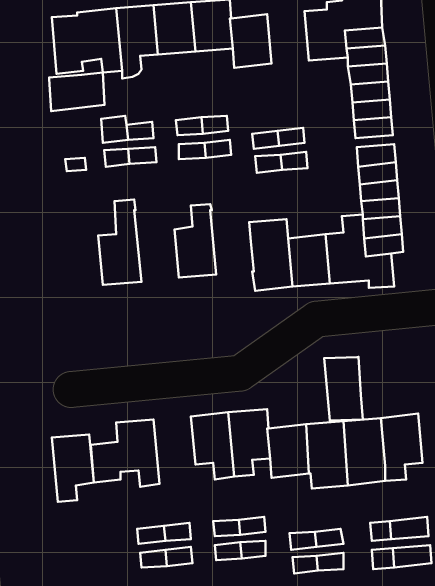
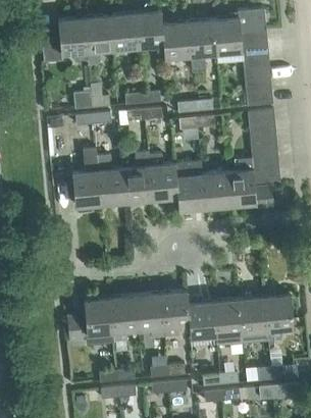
building: none -> [187,20,215,72]
building: [49,72,105,111] -> none
building: none -> [96,155,126,205]
building: none -> [148,155,177,200]
building: [324,357,363,420] -> none
building: [52,434,94,502] -> [109,297,138,343]

